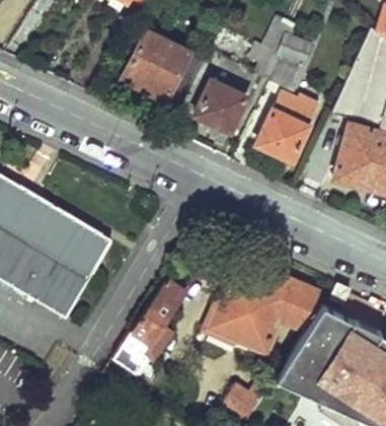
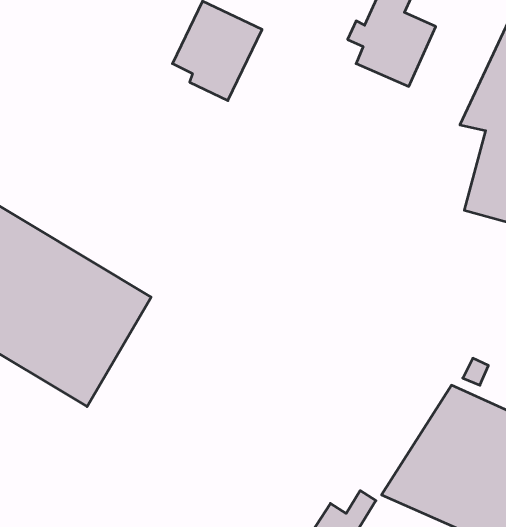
building: [194,82,244,132] -> none
building: [255,93,316,161] -> none
building: [208,268,317,349] -> none
building: [112,276,189,383] -> none

